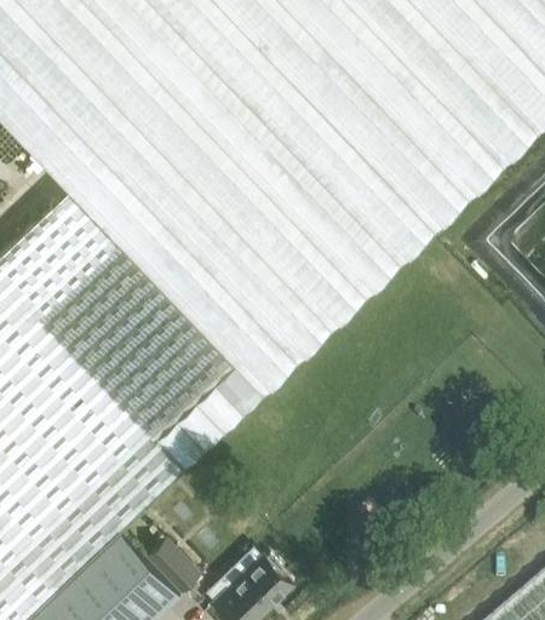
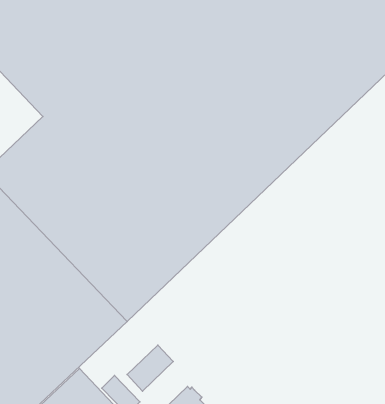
building: none -> [127,345,173,391]

